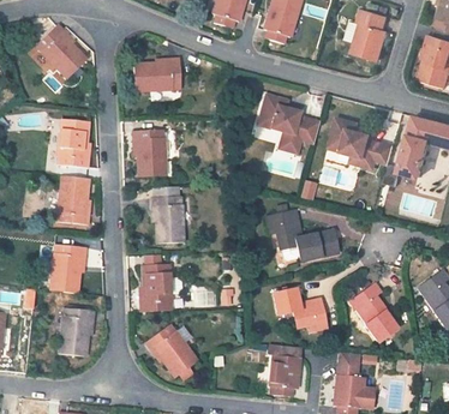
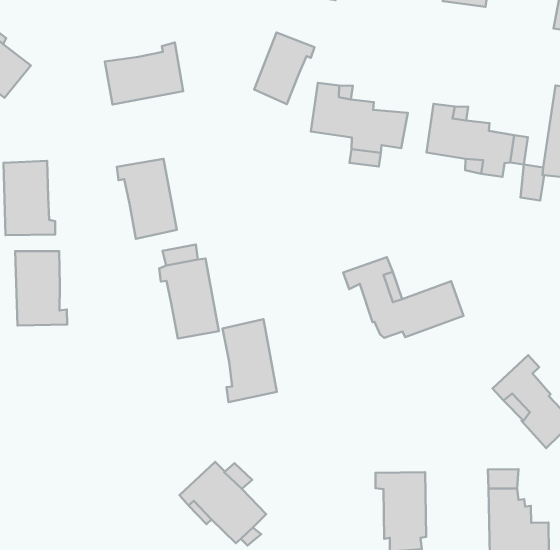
building: none -> [254,33,315,104]
building: [50,245,85,293] -> none
building: [139,263,170,312] -> [223,319,277,402]
building: [273,288,328,330] -> none
building: [59,307,94,356] -> none

